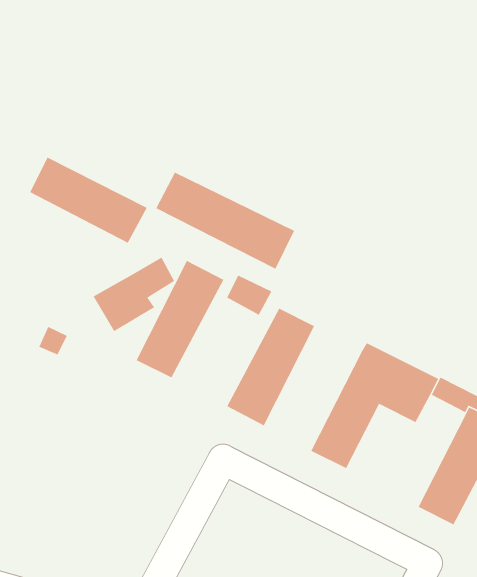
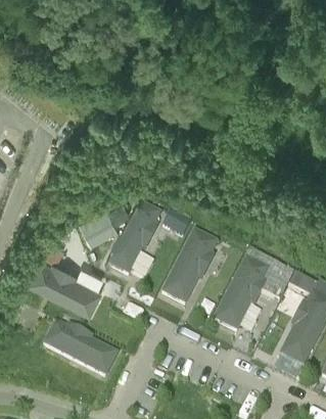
building: [29,156,148,244] -> [30,258,103,312]
building: [155,172,295,270] -> none
building: none -> [45,322,119,377]

